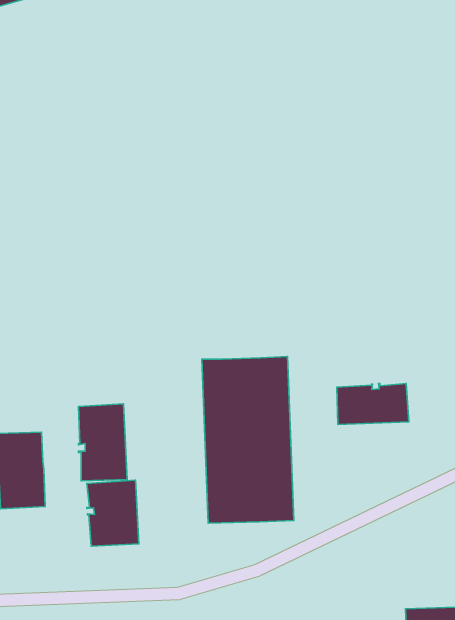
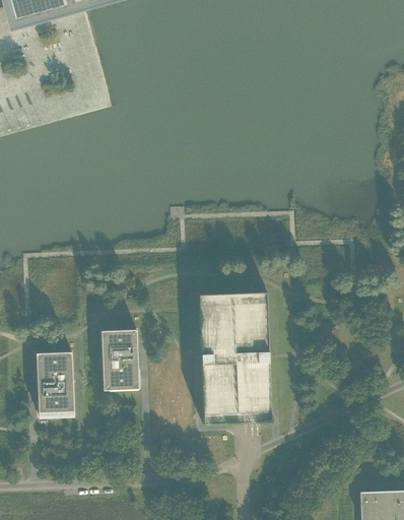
building: [337,383,409,424] -> none
building: [87,480,139,546] -> none

